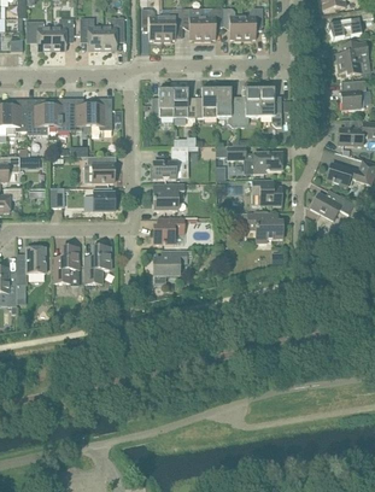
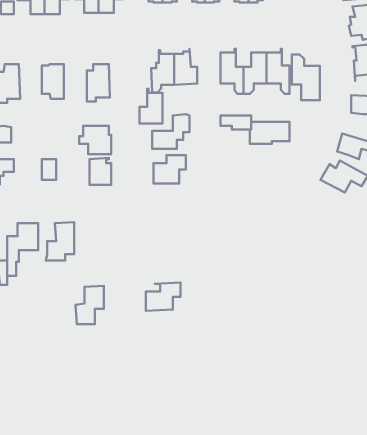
building: [194,83,216,116] -> [139,89,163,123]
building: none -> [292,55,320,100]
building: [27,98,48,134] -> none
building: [69,98,90,130] -> none
building: [251,178,282,204] -> none
building: [247,211,282,241] -> none
building: [153,216,189,244] -> none
building: [83,246,110,282] -> [76,286,104,324]
building: [153,248,186,275] -> [146,283,181,311]

